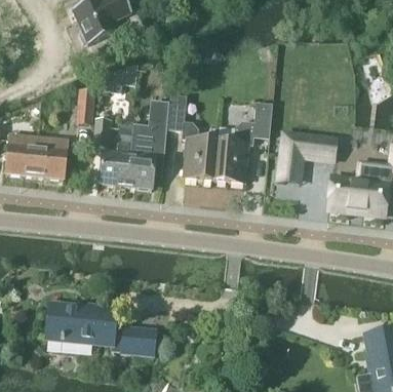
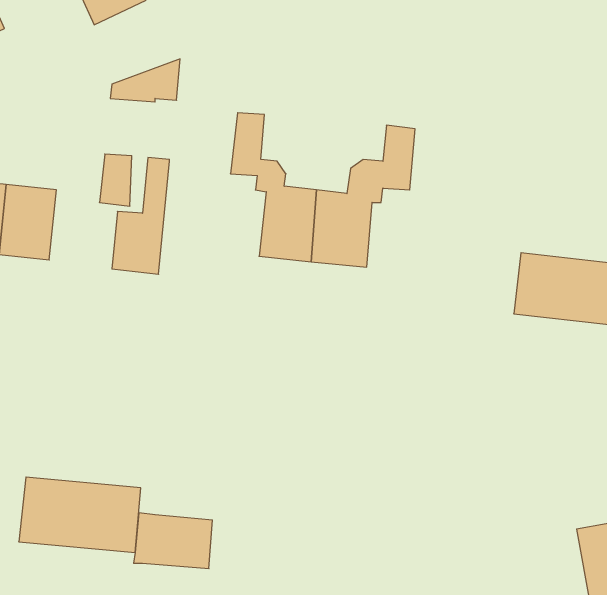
building: [76,88,95,124] -> none
building: [126,99,170,188] -> none
building: [278,130,337,182] -> none

